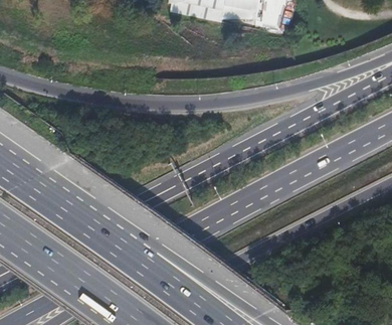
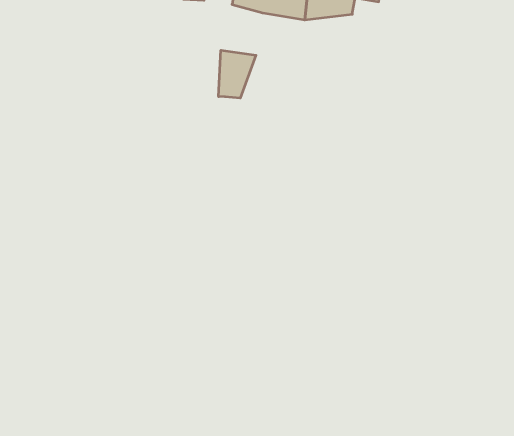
building: none -> [219,50,256,98]

